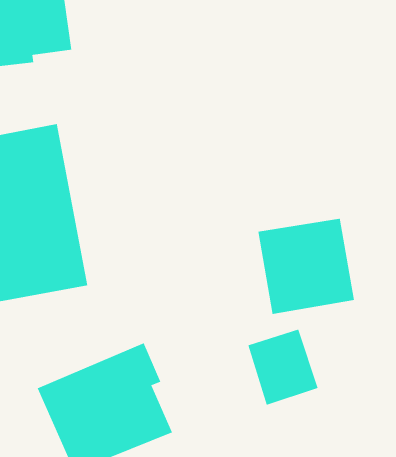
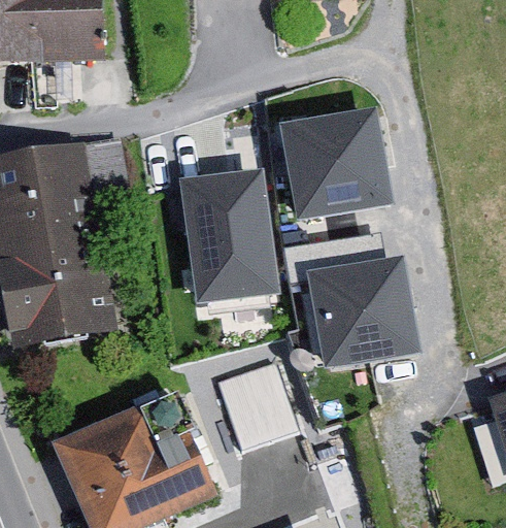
building: none -> [280,102,392,213]
building: none -> [192,178,273,317]
building: [247,329,319,405] -> [216,364,298,452]

